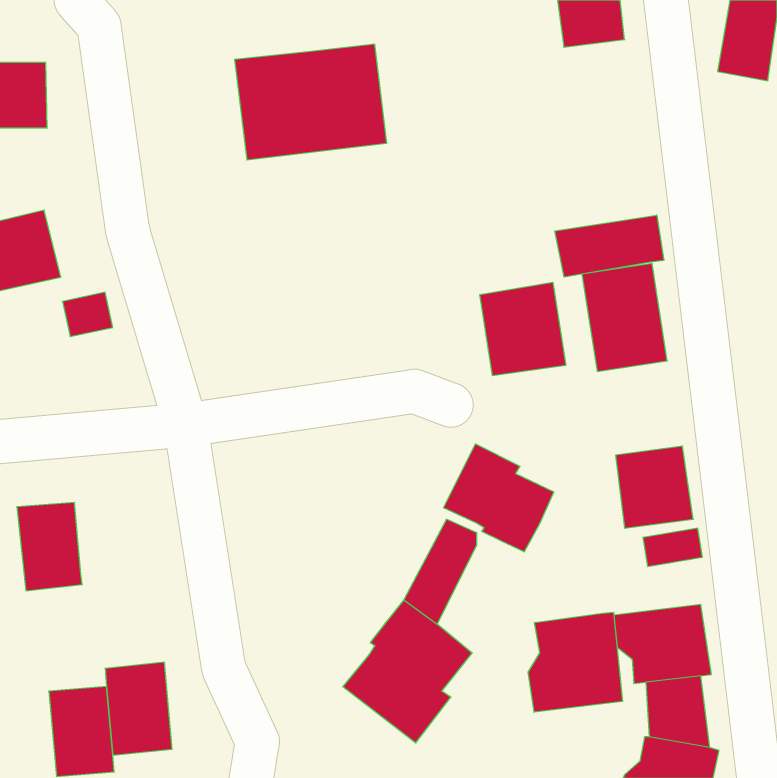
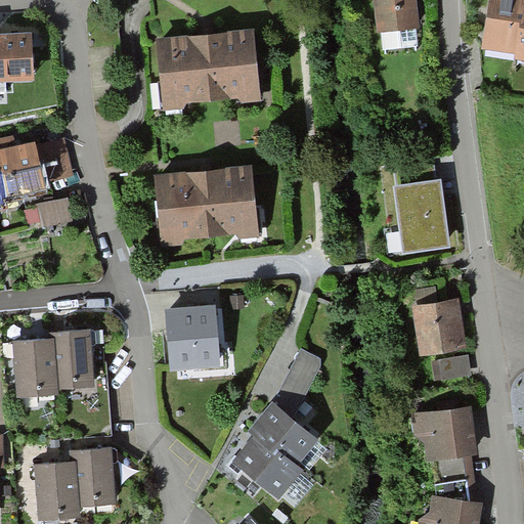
building: [555,215,664,277] -> none
building: none -> [155,169,256,247]
building: [480,282,566,376] -> none
building: [444,444,554,552] -> none
building: none -> [168,307,221,365]
building: none -> [49,323,94,386]
building: [528,612,622,712] -> none

